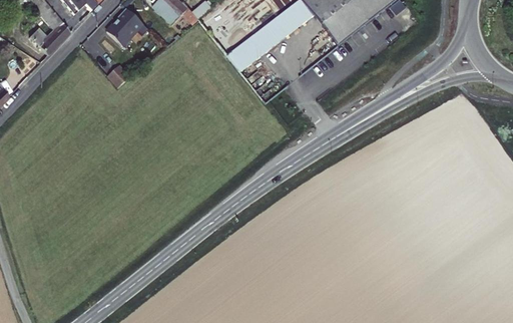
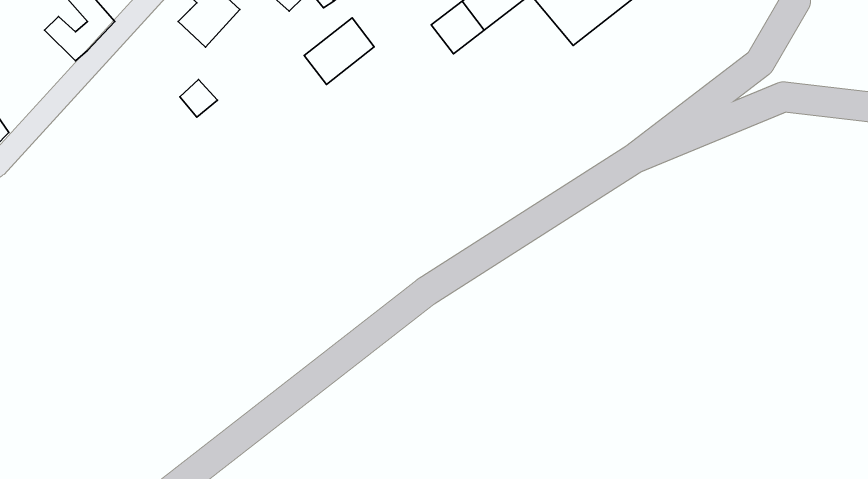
building: [227,31,269,70] -> [304,18,374,84]

